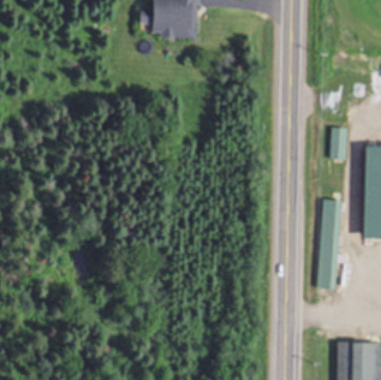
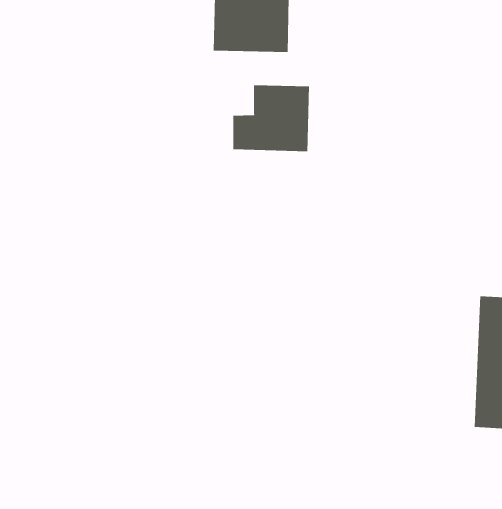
building: none -> [233,85,310,152]

